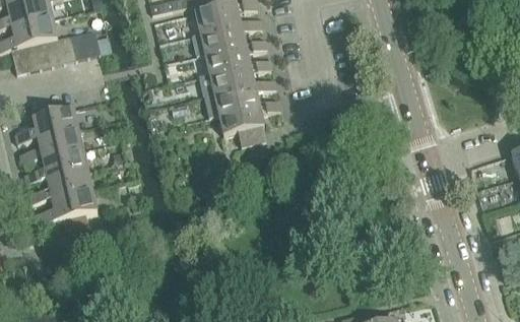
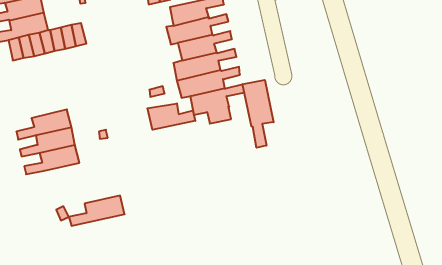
building: none -> [243,80,274,148]
building: [15,110,78,144] -> none
building: none -> [147,103,195,130]
building: [34,191,98,226] -> [69,196,125,226]

